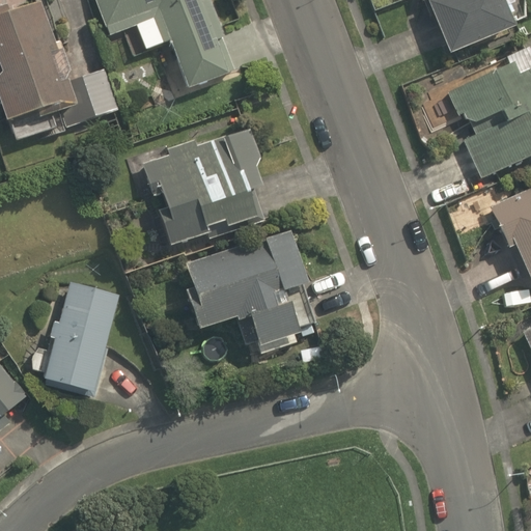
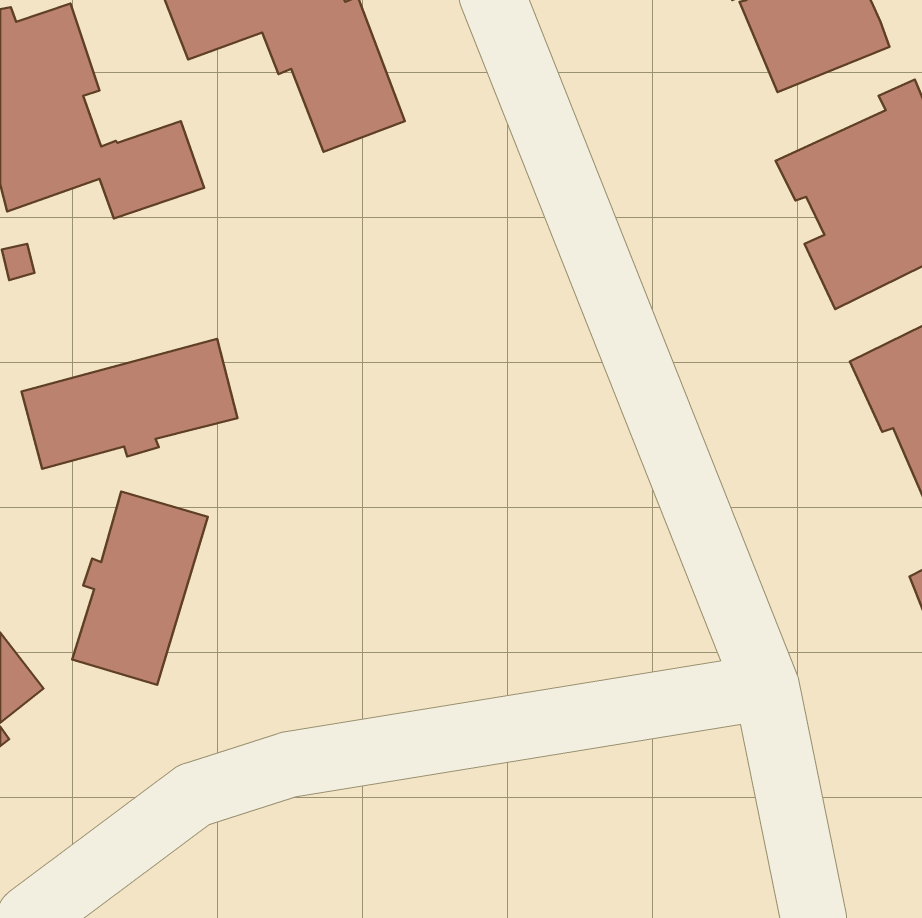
building: [143,131,261,245] -> none
building: none -> [22,339,237,469]
building: [185,230,308,346] -> none

